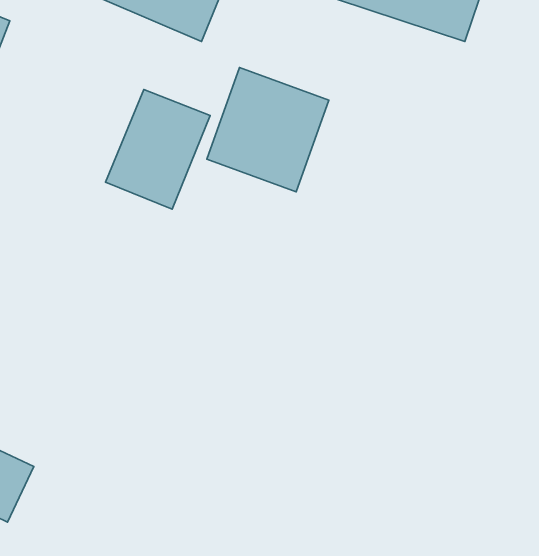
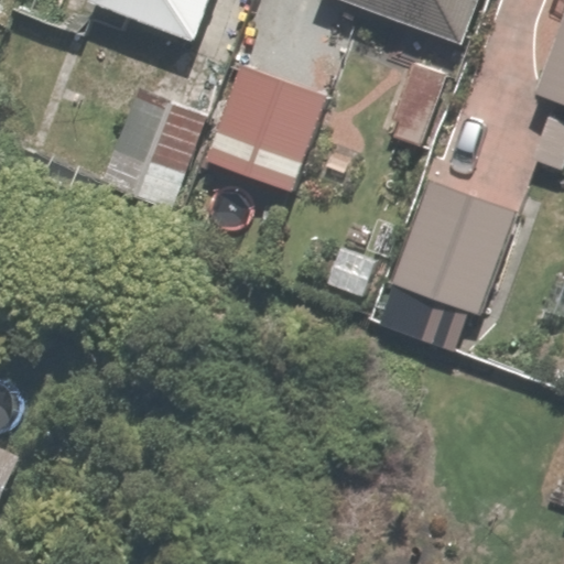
building: none -> [391,180,517,316]

